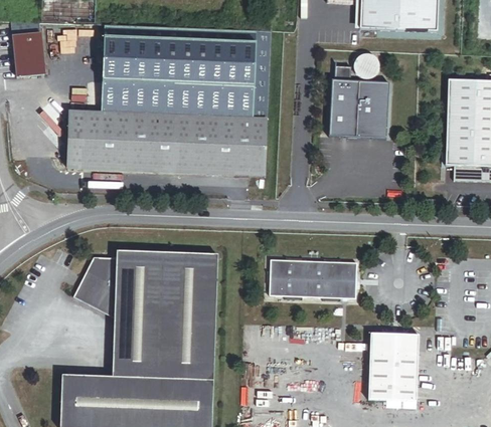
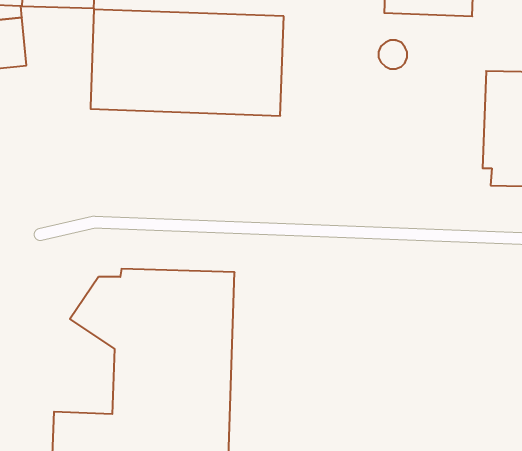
building: [328,63,387,137] -> none
building: [62,111,265,174] -> none
building: [270,258,358,301] -> none
building: [370,335,420,402] -> none

